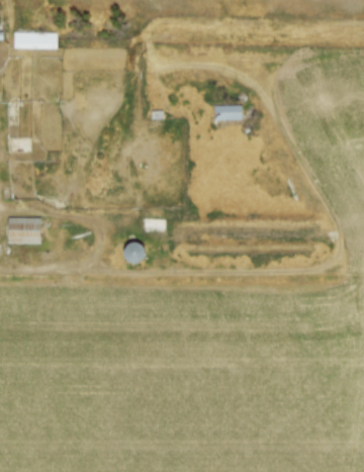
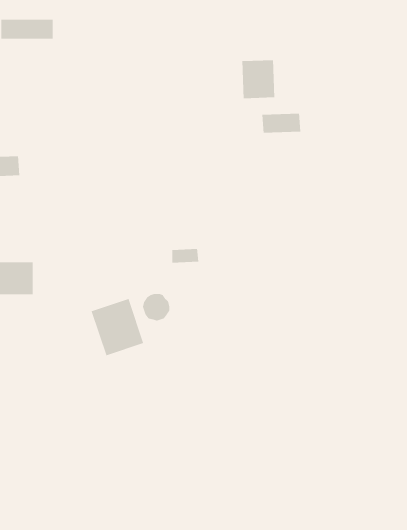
building: none -> [242,60,275,99]
building: none -> [91,298,144,356]

